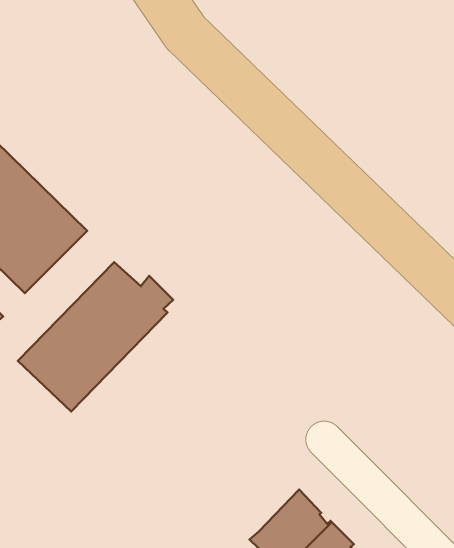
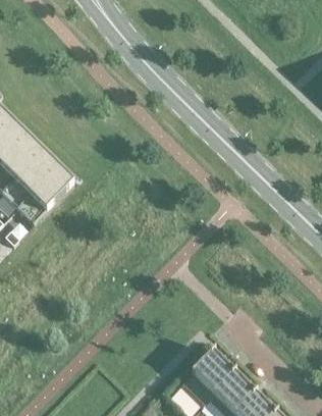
building: [18,262,173,411] -> none

